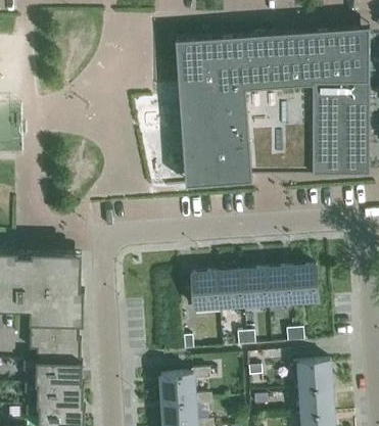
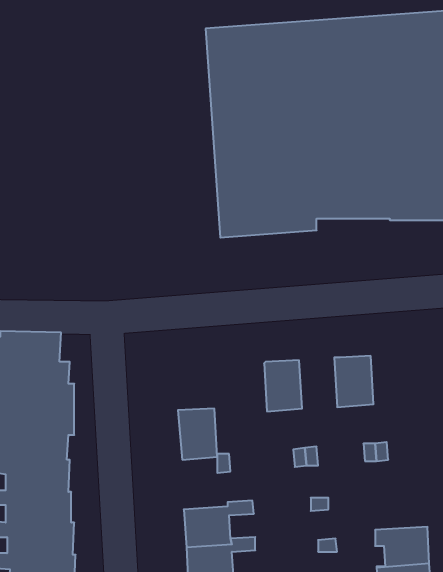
building: [291,266,318,301] -> none
building: [241,269,268,304] -> none
building: [191,273,219,309] -> [178,409,217,460]
building: [292,361,331,389] -> none

